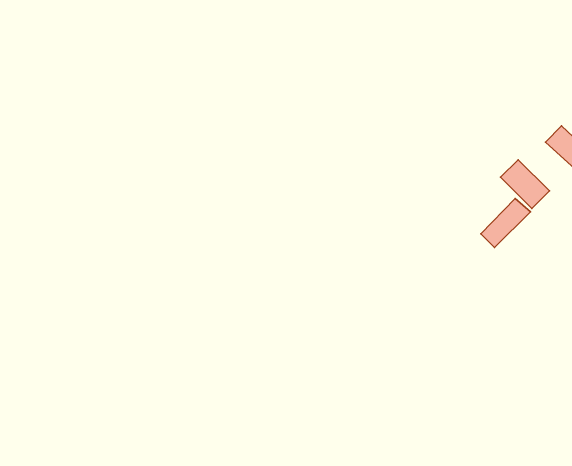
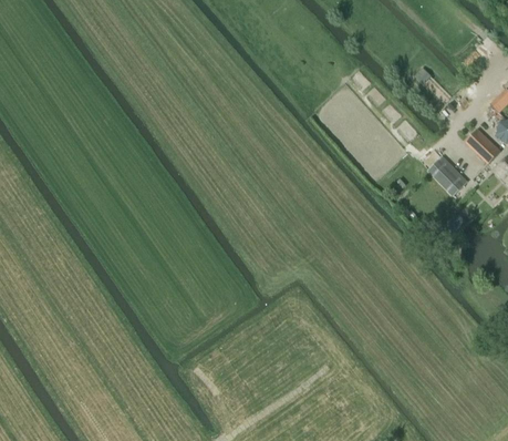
building: [481,198,530,248] -> none

